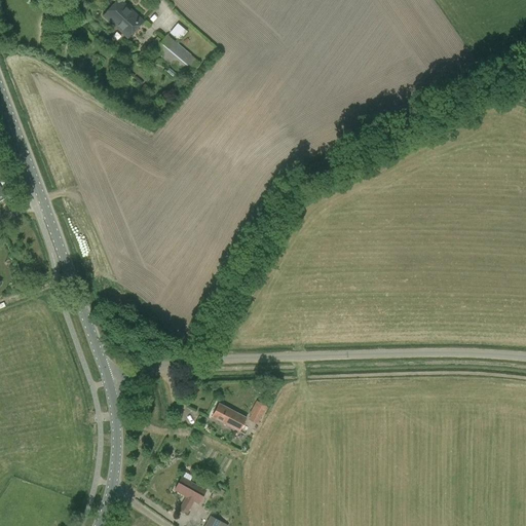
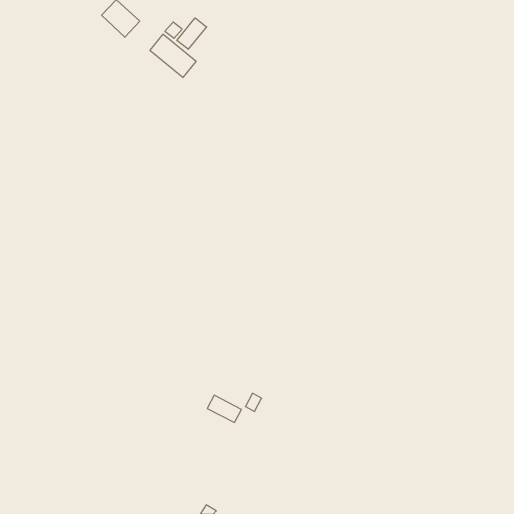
building: none -> [177,18,207,49]
building: [175,478,205,513] -> none

